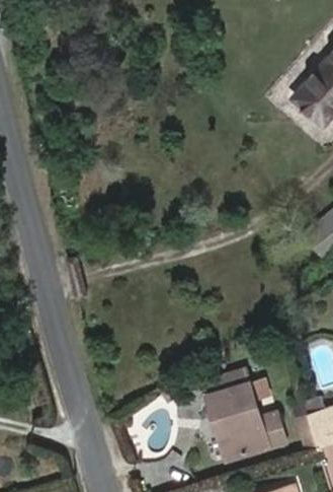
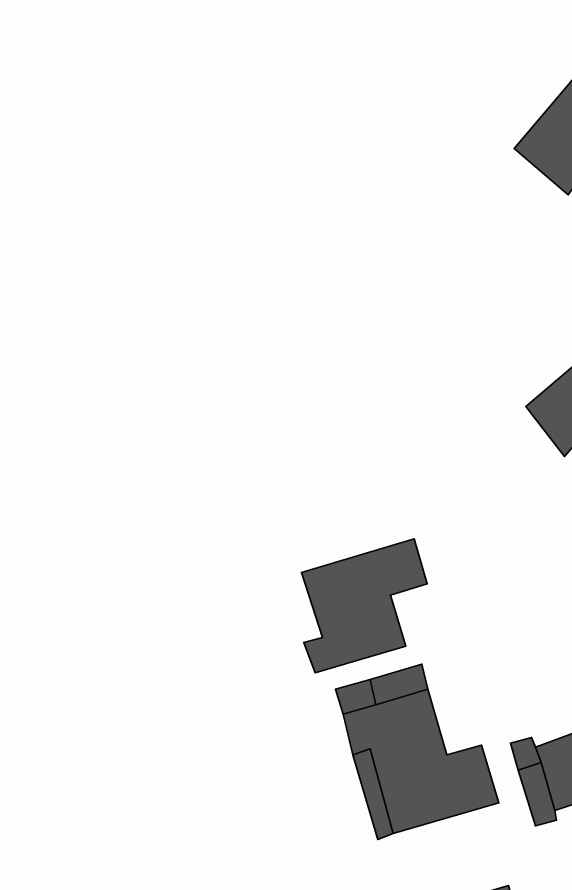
building: none -> [301,539,427,673]

